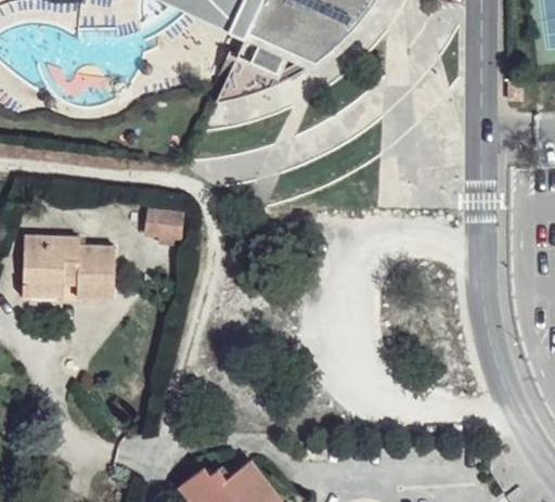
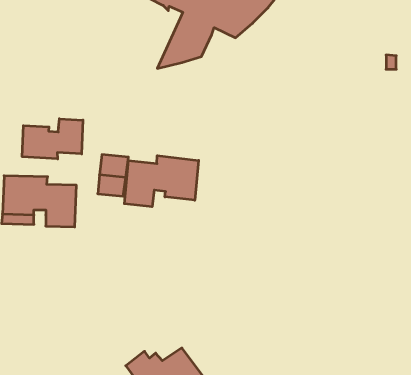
building: none -> [22,119,83,159]
building: none -> [124,156,199,207]

